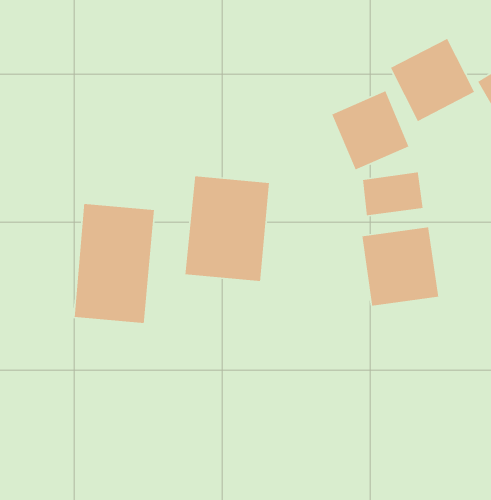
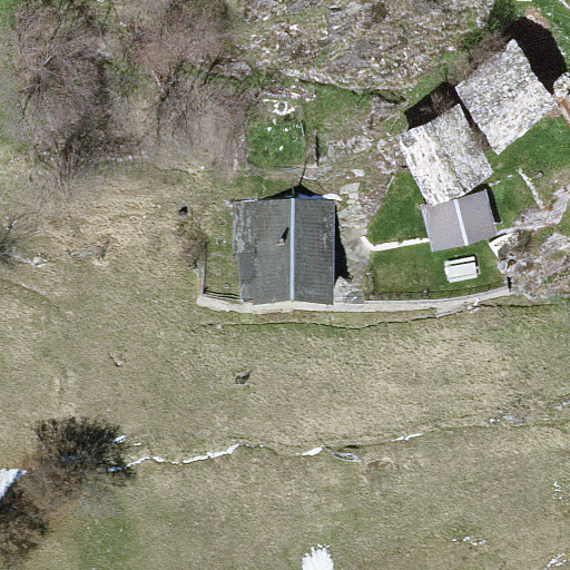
building: [74,203,155,324] -> none
building: [361,227,439,307] -> none

